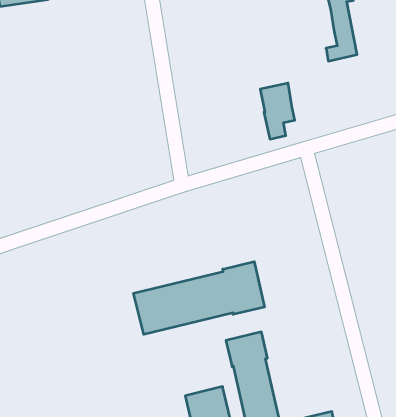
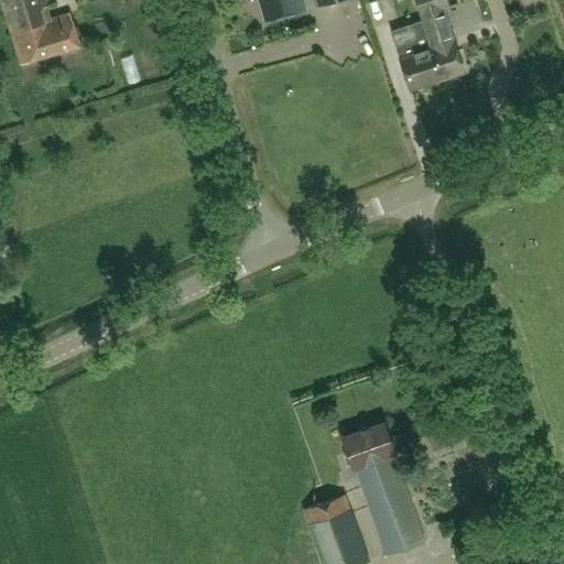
building: [260,83,295,139] -> [391,20,437,90]
building: [134,262,264,334] -> none

